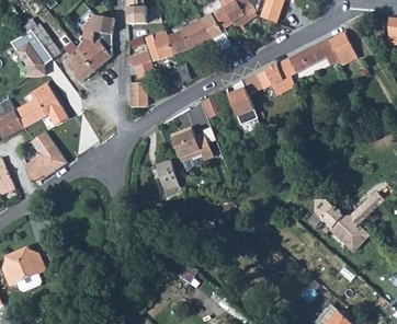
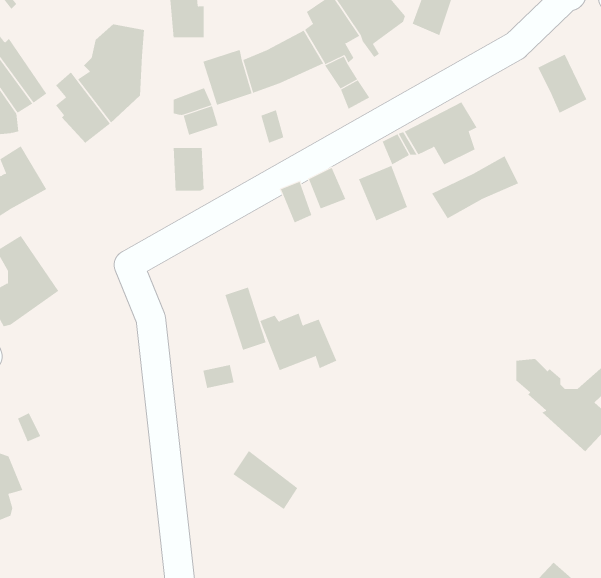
building: [287,37,336,72] -> [431,155,519,219]
building: [170,128,213,160] -> [259,313,337,371]

